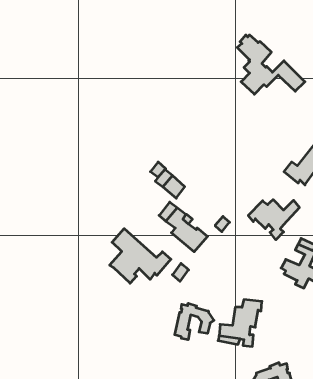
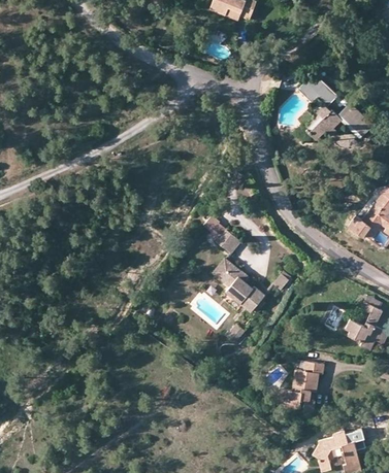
building: [248,200,299,240] -> none
building: [110,229,171,283] -> none
building: [175,303,214,340] -> none

